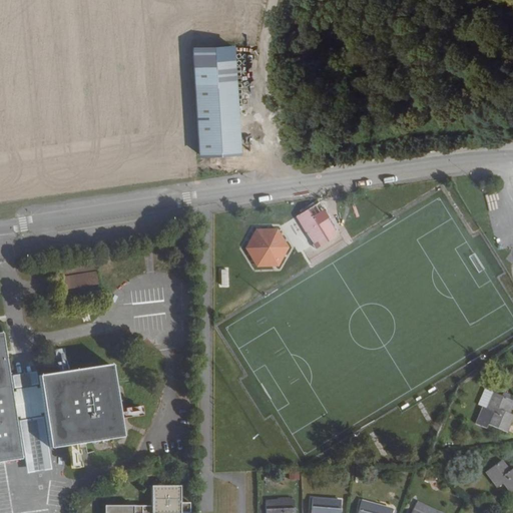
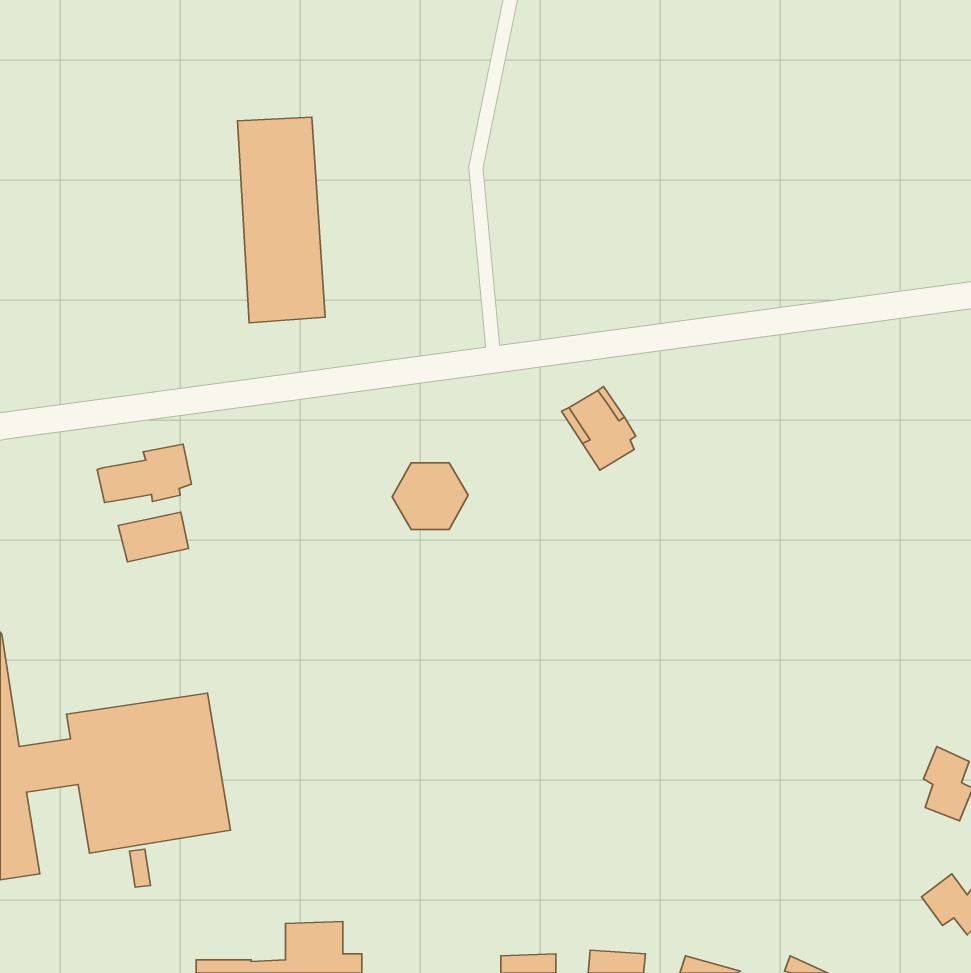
building: [194,46,240,154] -> [238,117,325,323]
building: [248,228,289,264] -> [392,463,468,529]
building: none -> [97,444,192,502]

